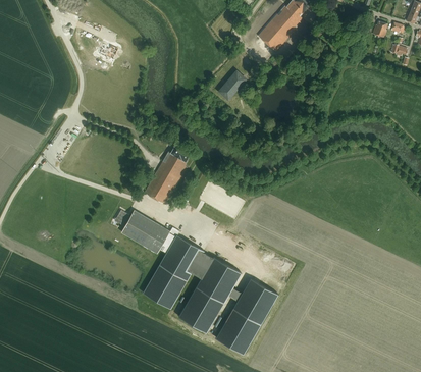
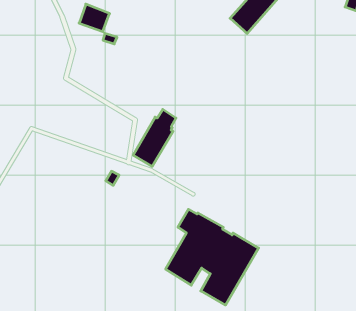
building: [218,69,248,101] -> none
building: [121,210,204,308] -> none

